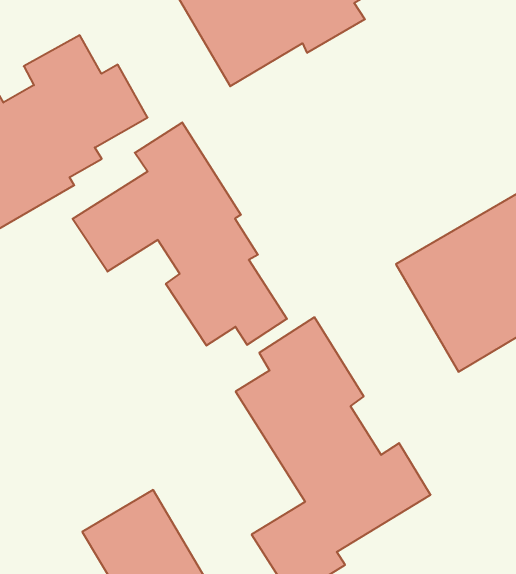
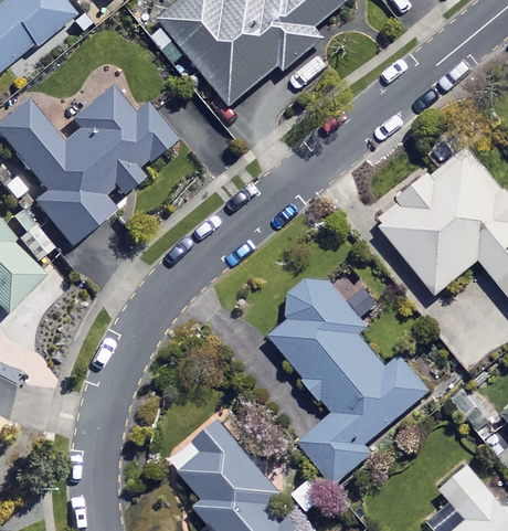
building: [73,122,287,346] -> none

